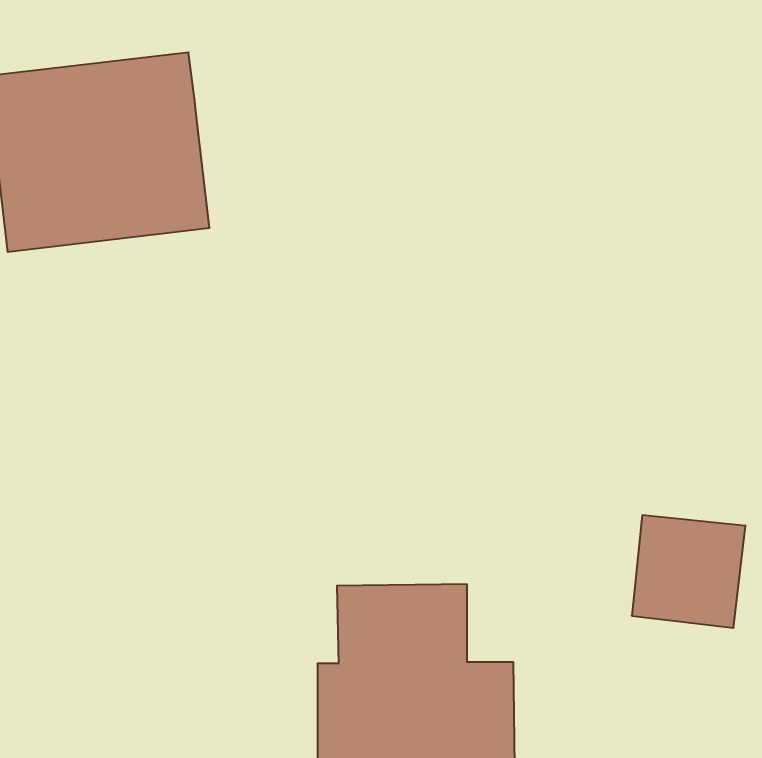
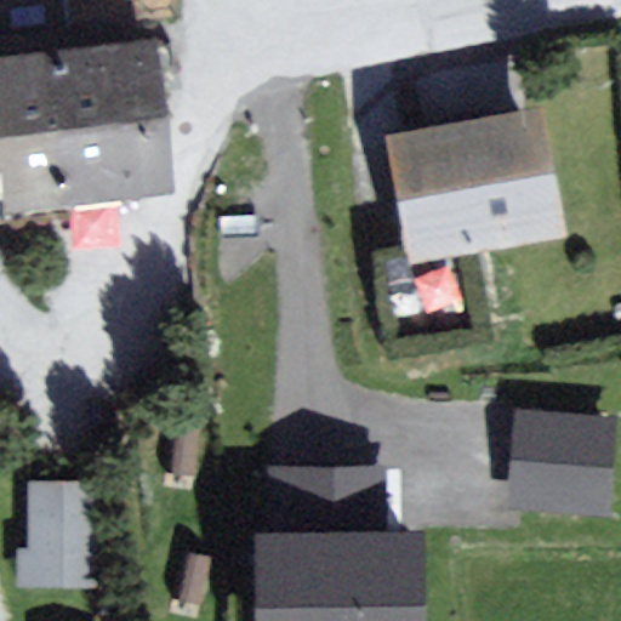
building: none -> [394,119,563,262]
building: none -> [22,477,97,582]

